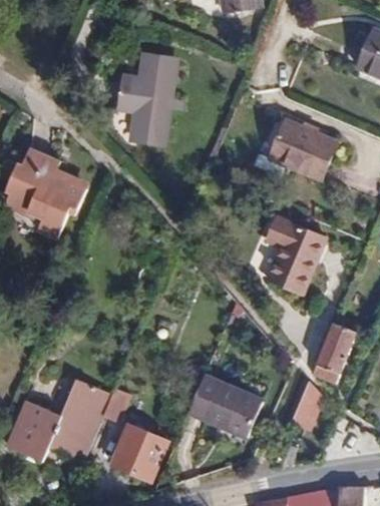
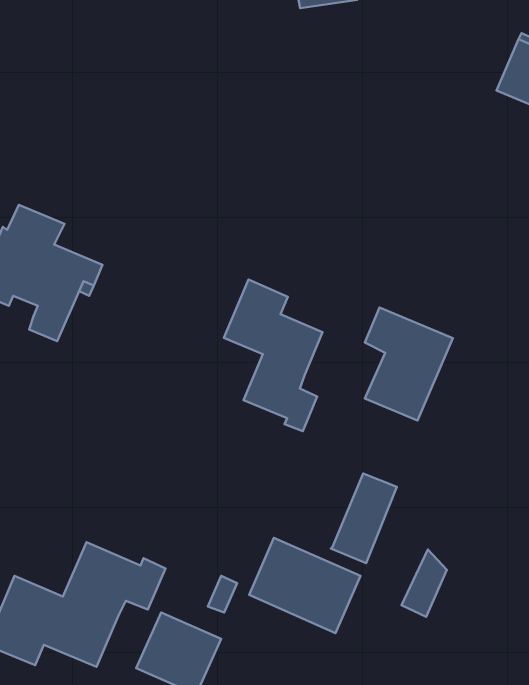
building: [116,51,178,147] -> none
building: [269,119,336,180] -> none
building: none -> [224,280,323,431]
building: [311,323,356,384] -> [331,474,397,563]

